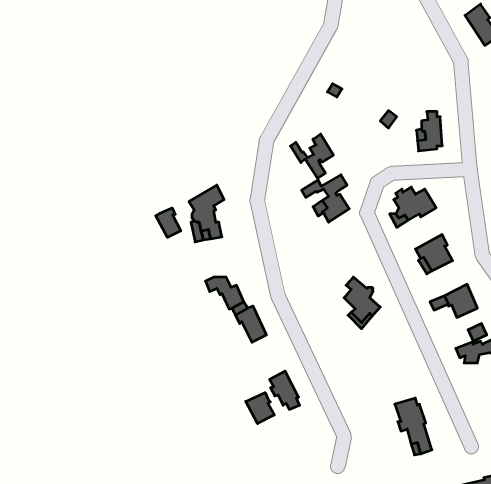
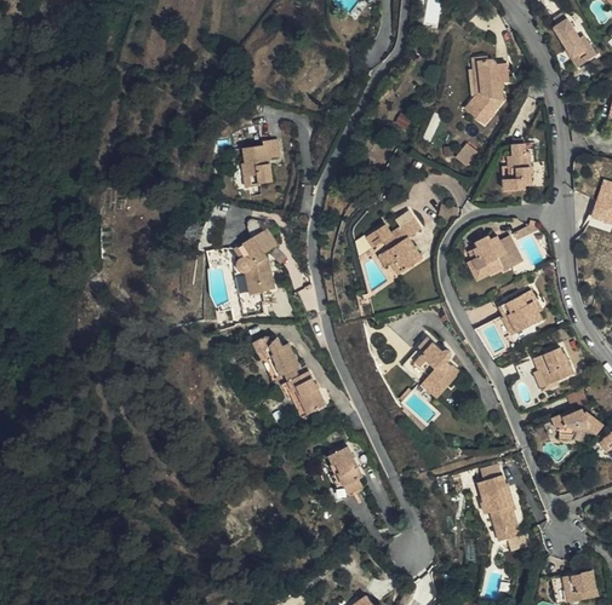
building: none -> [468,54,511,121]
building: none -> [242,142,278,188]
building: [290,134,333,178] -> none
building: [156,208,181,237] -> none
building: [246,393,274,424] -> none

